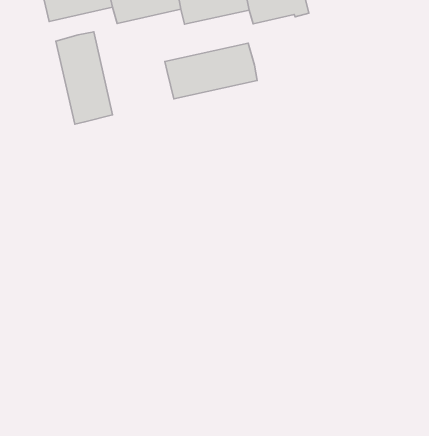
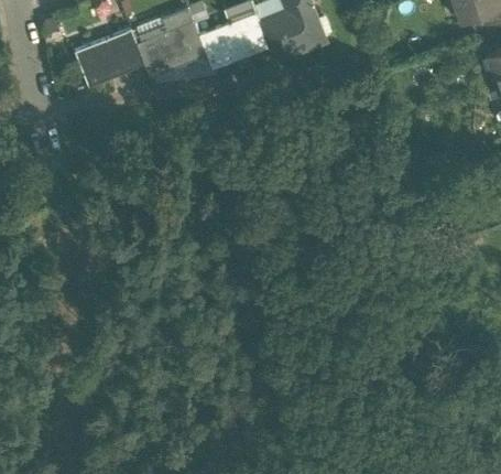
building: [56,32,113,124] -> none
building: [165,43,257,99] -> none

